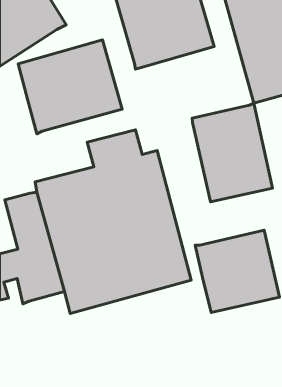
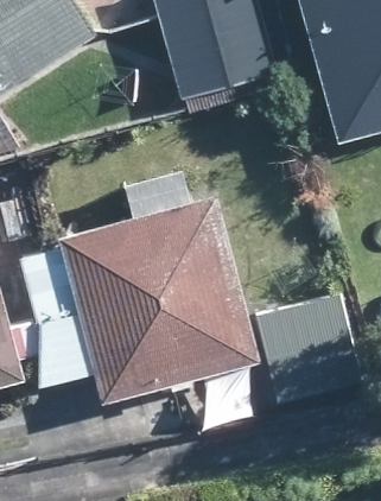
building: [18,40,122,134] -> none
building: [192,103,273,202] -> none

